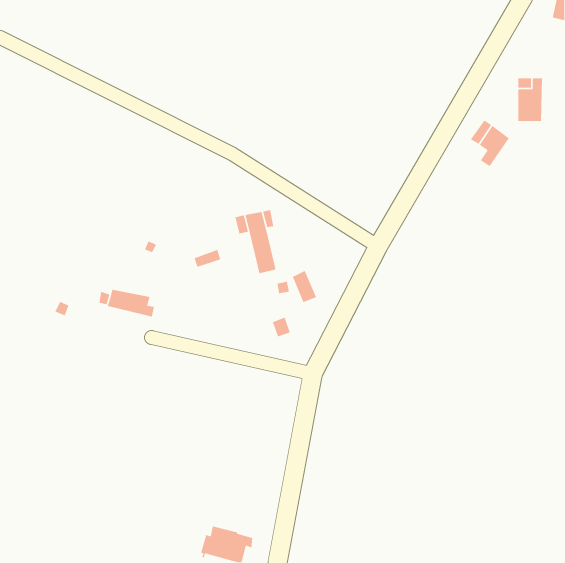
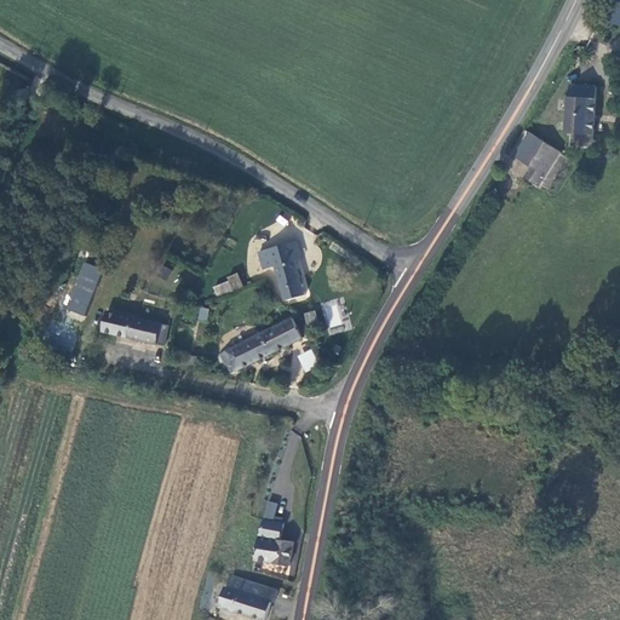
building: none -> [65,259,101,314]
building: none -> [220,322,300,374]
building: none -> [254,519,293,566]

